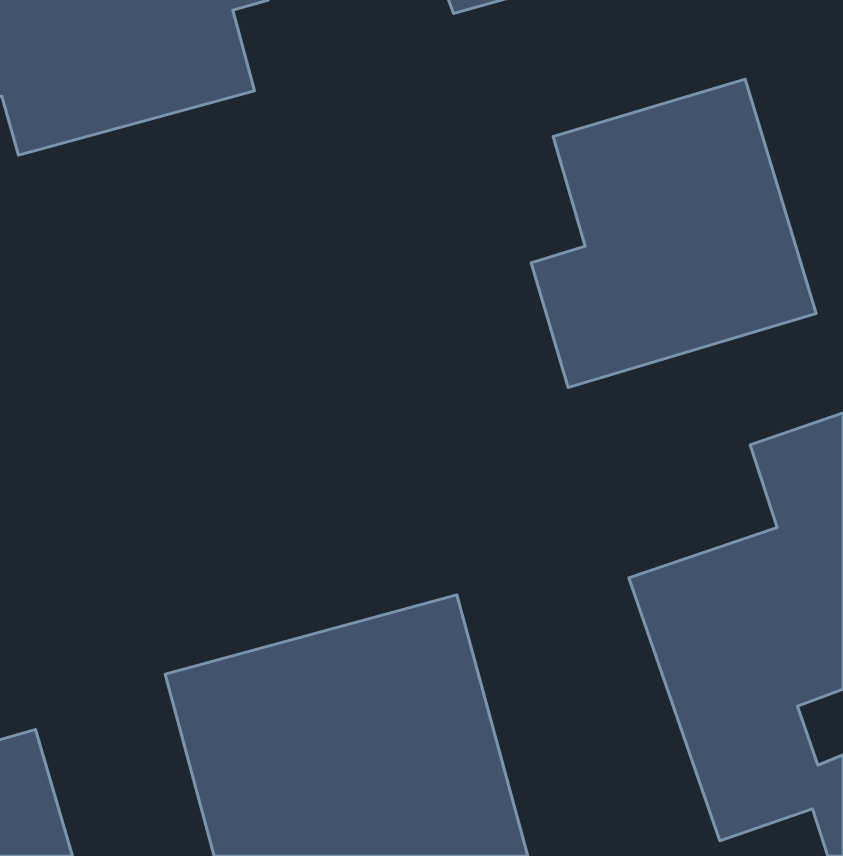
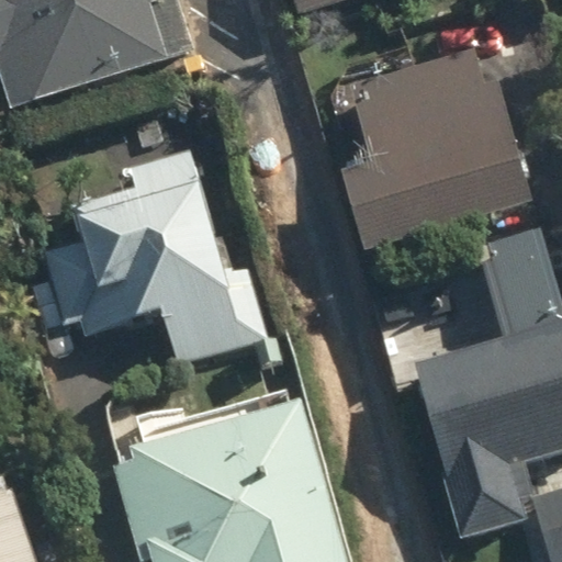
building: none -> [65,154,244,362]

